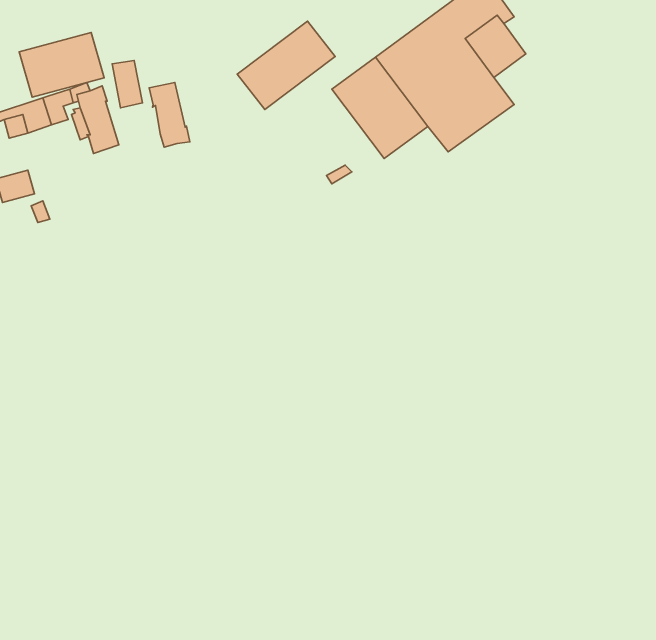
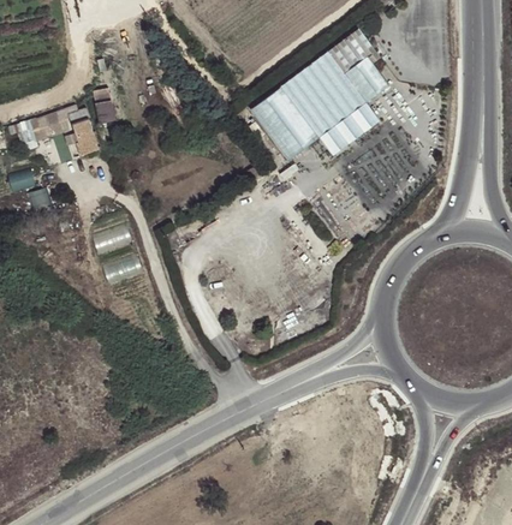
building: [237,21,335,109] -> none
building: [19,33,104,97] -> none
building: [149,82,190,147] -> none

